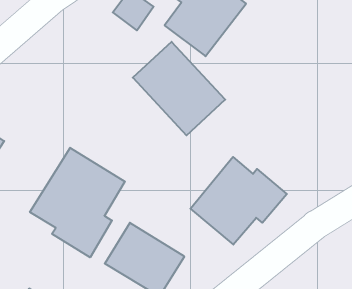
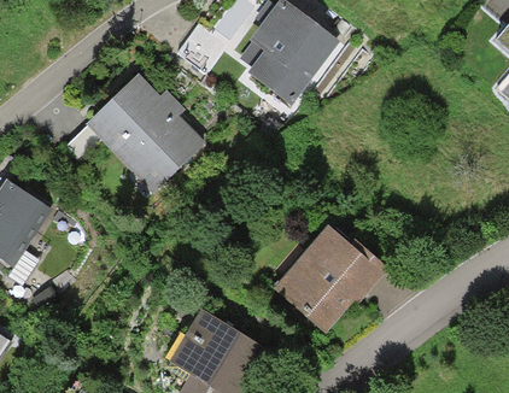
building: [133,42,225,135] -> [89,75,201,188]
building: [30,148,125,257] -> none

